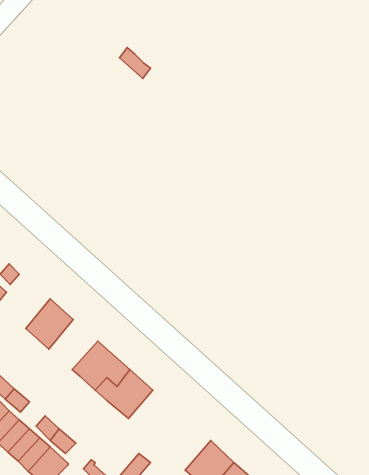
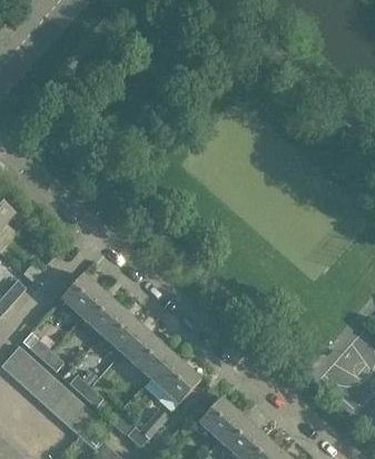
building: none -> [81,292,124,335]
building: none -> [150,353,201,404]

